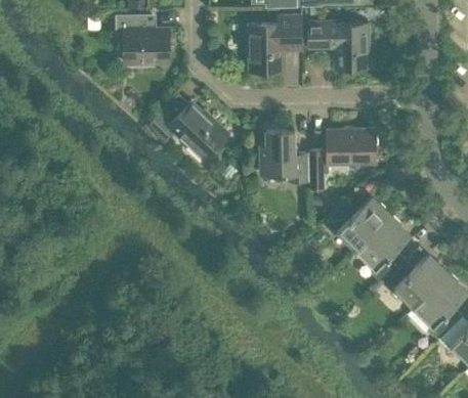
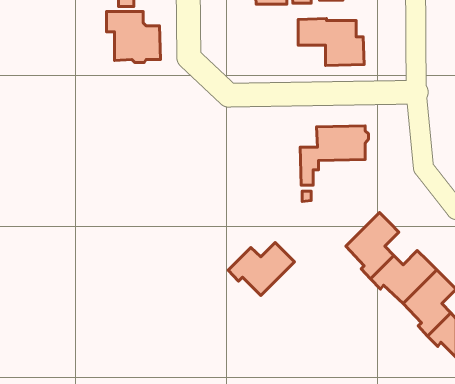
building: [249,15,302,74] -> none
building: [148,101,227,159] -> none
building: [259,130,307,181] -> none
building: [323,196,389,250] -> [228,242,295,296]

